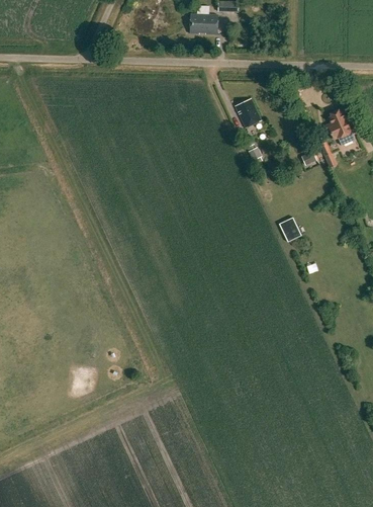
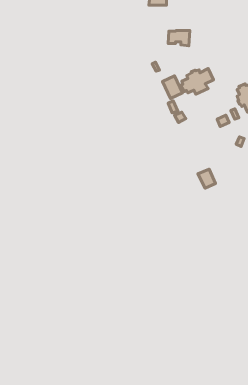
building: [190,15,217,34] -> [168,30,190,46]
building: none -> [181,69,214,94]

